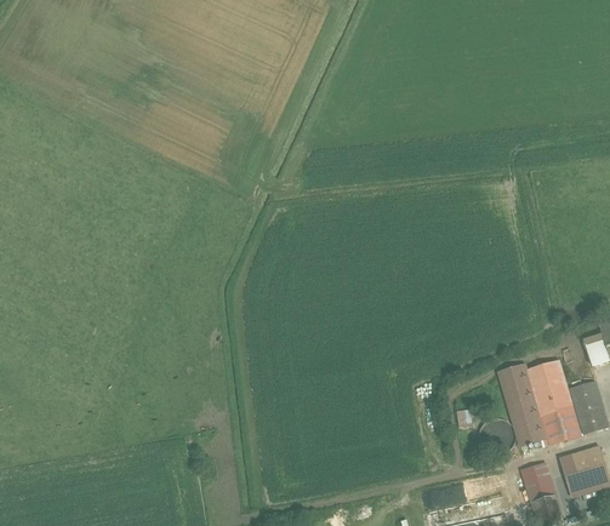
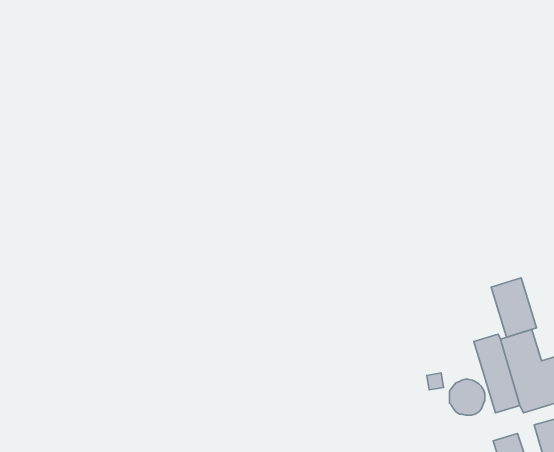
building: none -> [491,278,536,337]

